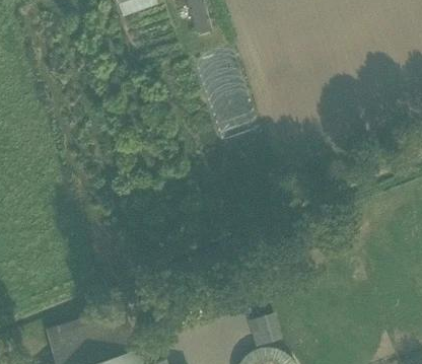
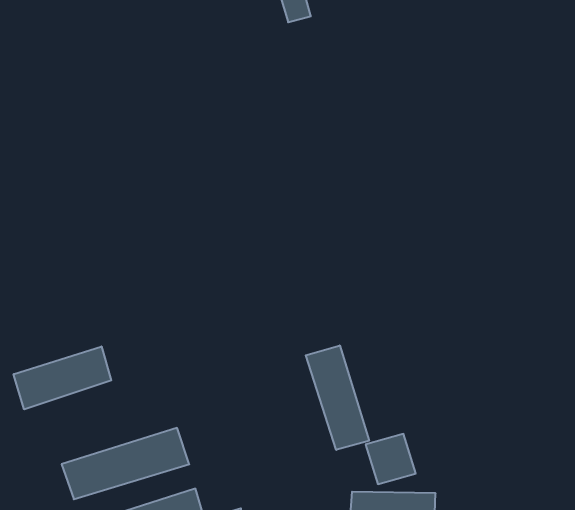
building: none -> [306,345,369,450]
building: none -> [14,346,111,409]

